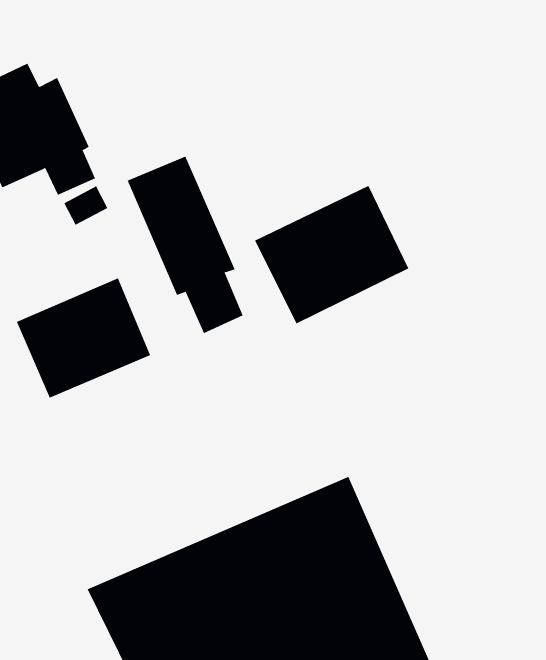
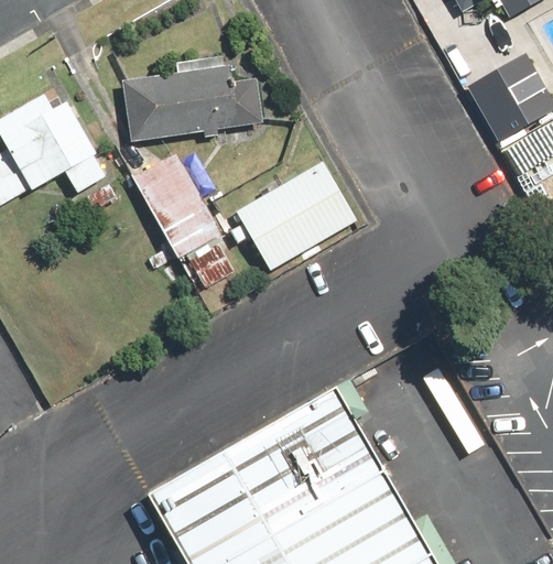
building: none -> [123,55,264,142]
building: [16,278,151,398] -> none

